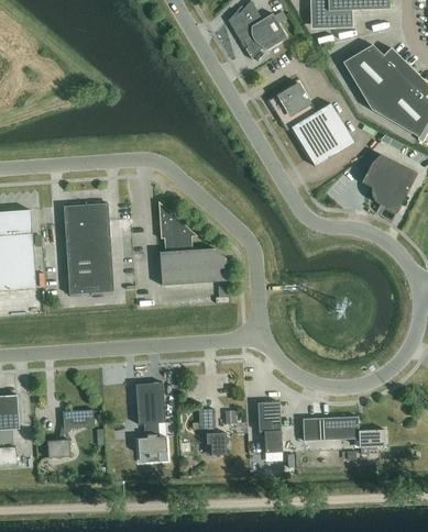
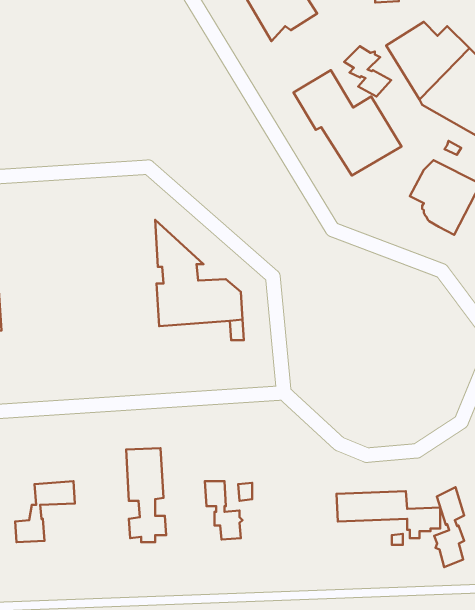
building: none -> [344,46,391,96]
building: [64,203,113,295] -> none
building: [257,401,282,453] -> none
building: none -> [434,487,464,567]

